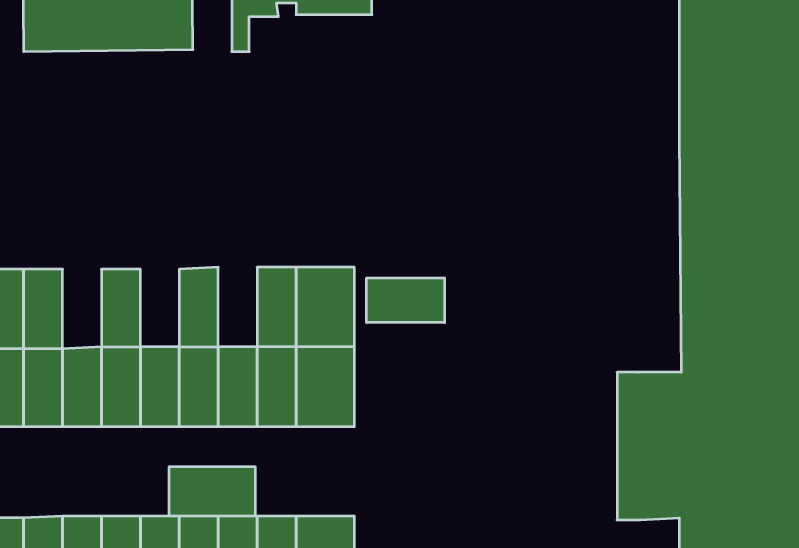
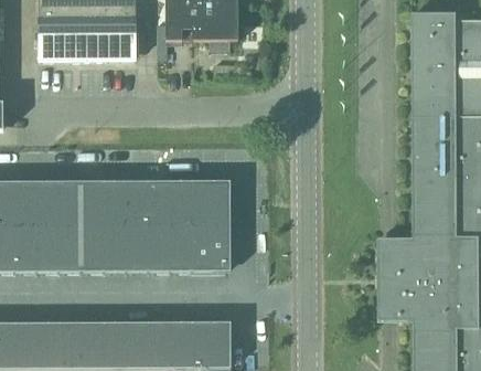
building: none -> [149,181,171,226]
building: none -> [61,182,83,227]
building: none -> [105,182,127,226]
building: [367,278,445,323] -> none
building: [169,467,255,516] -> none

